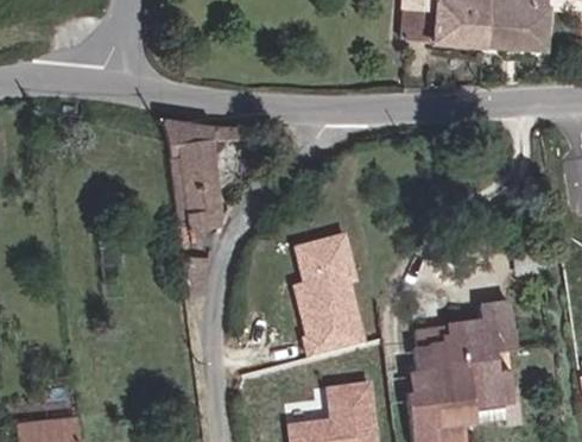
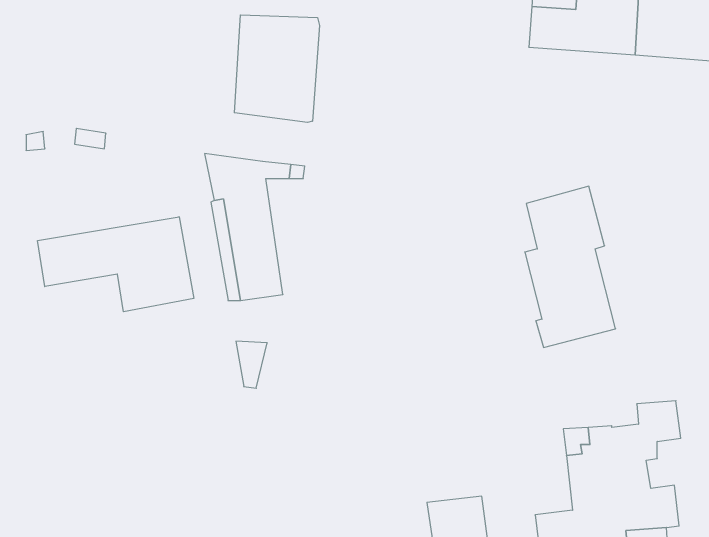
building: none -> [234,15,320,122]
building: none -> [38,217,194,312]
building: [295,231,363,353] -> [525,186,616,347]

